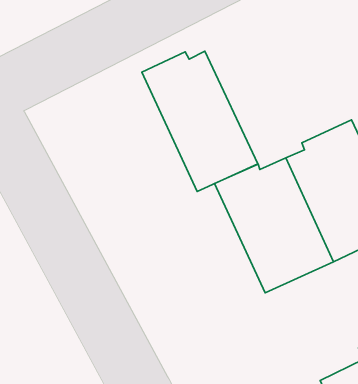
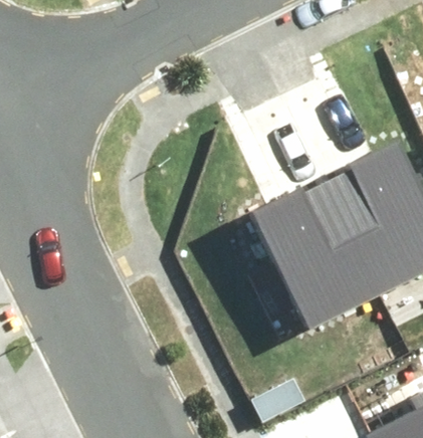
building: [142,51,258,192] -> none

